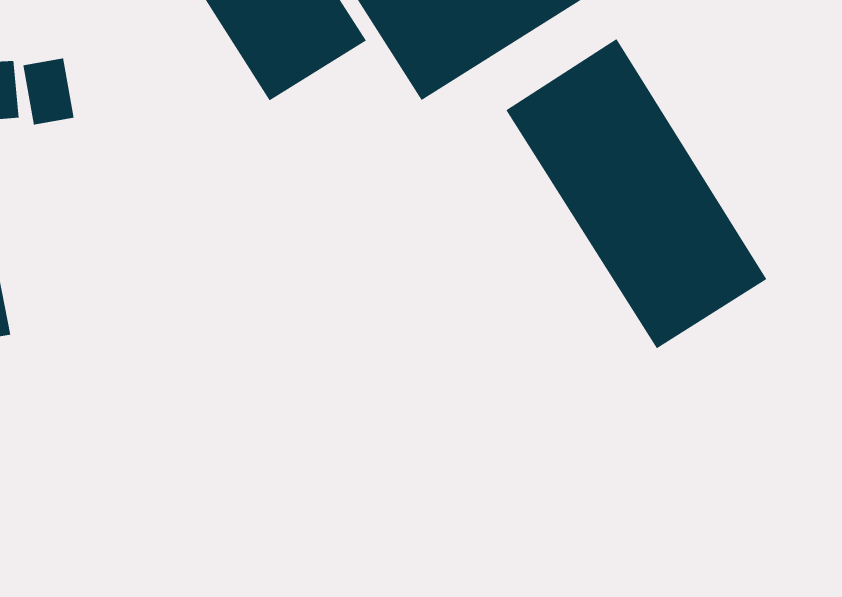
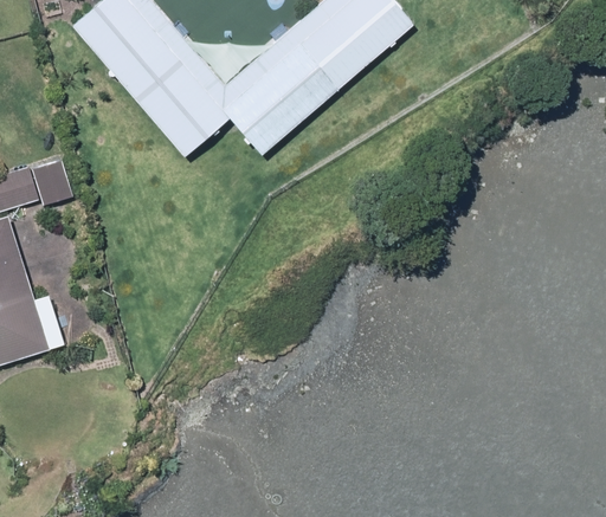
building: [505,38,767,349] -> none

